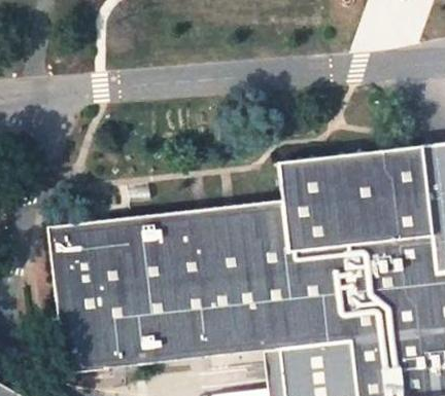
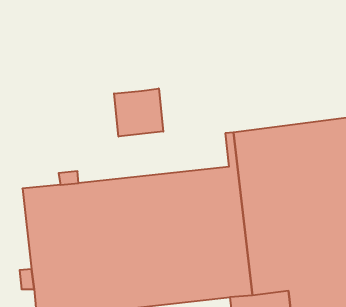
building: none -> [114,88,163,137]

